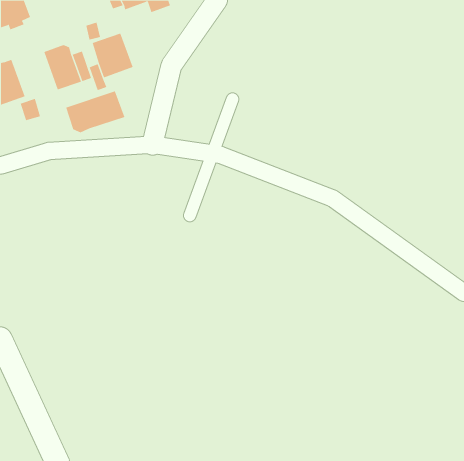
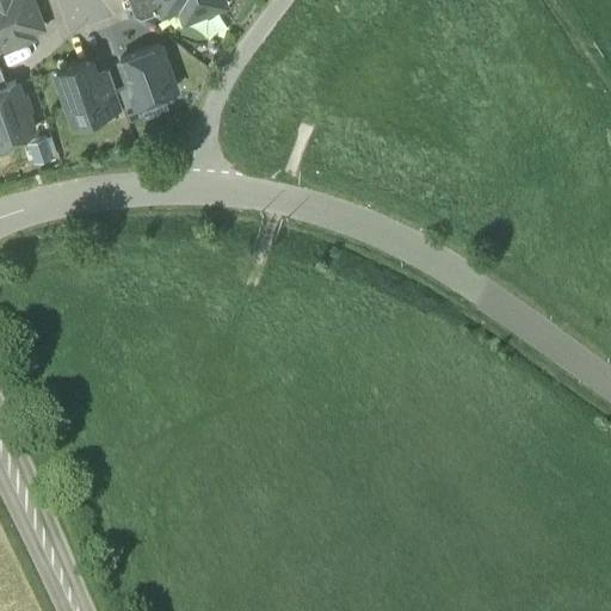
building: [66,91,125,133] -> none

